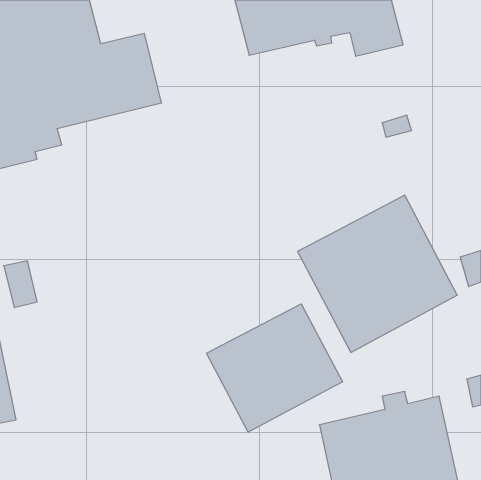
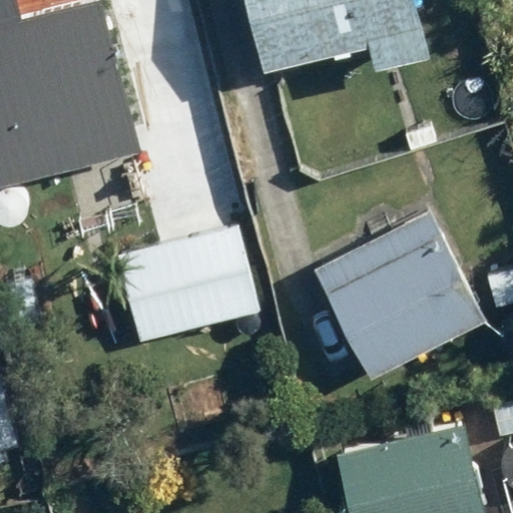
building: none -> [119,226,258,341]
building: [207,304,343,432] -> none

